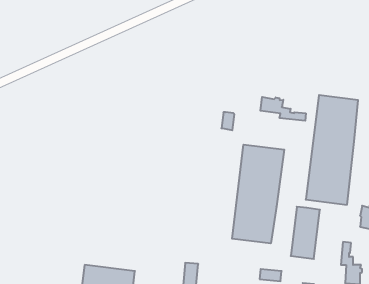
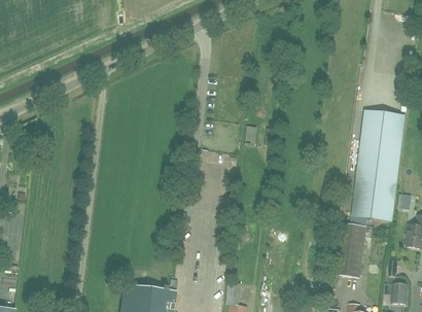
building: [260,97,306,121] -> none
building: [232,145,284,243] -> none

